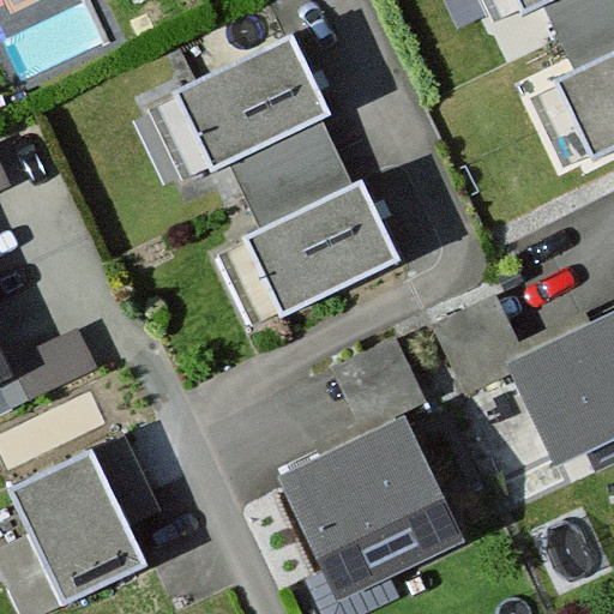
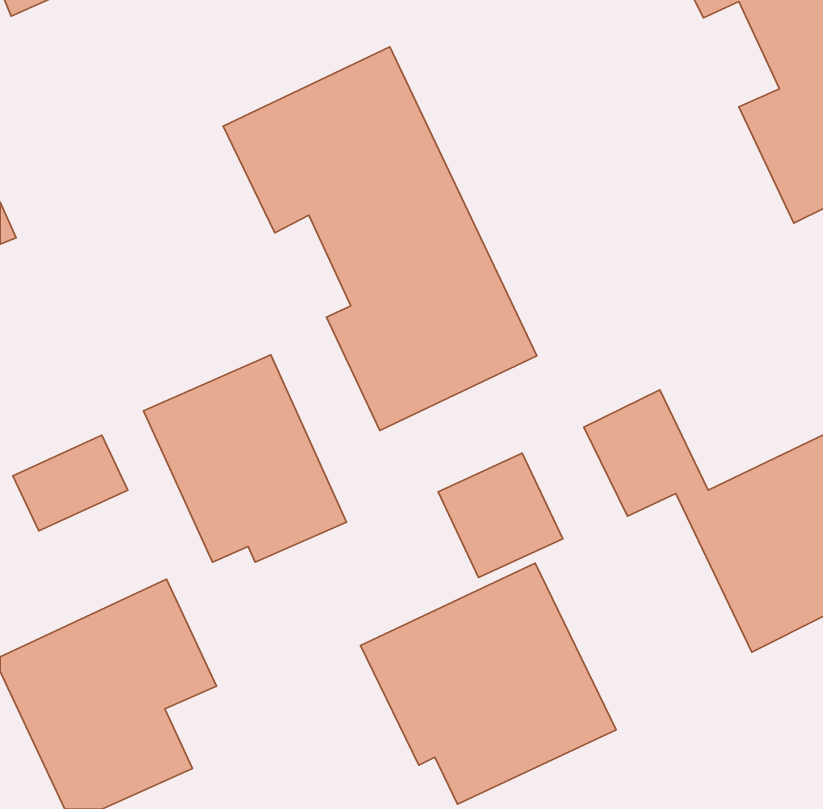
building: none -> [143,355,347,562]

